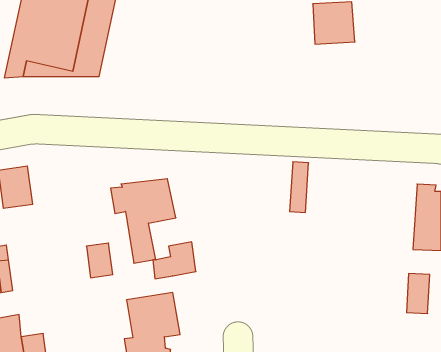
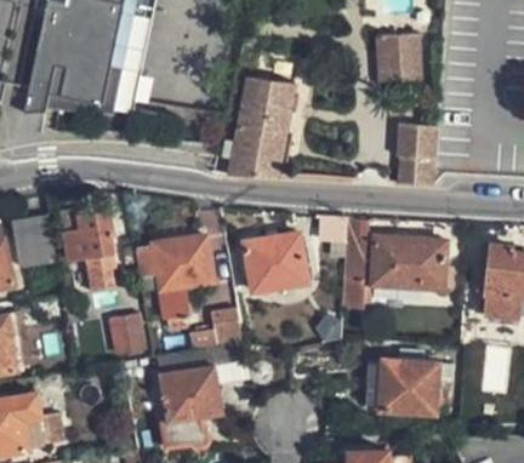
building: none -> [221,72,295,173]
building: none -> [395,120,431,182]
building: none -> [67,211,118,268]
building: none -> [246,238,311,293]
building: none -> [376,238,450,287]
building: none -> [369,359,440,412]

